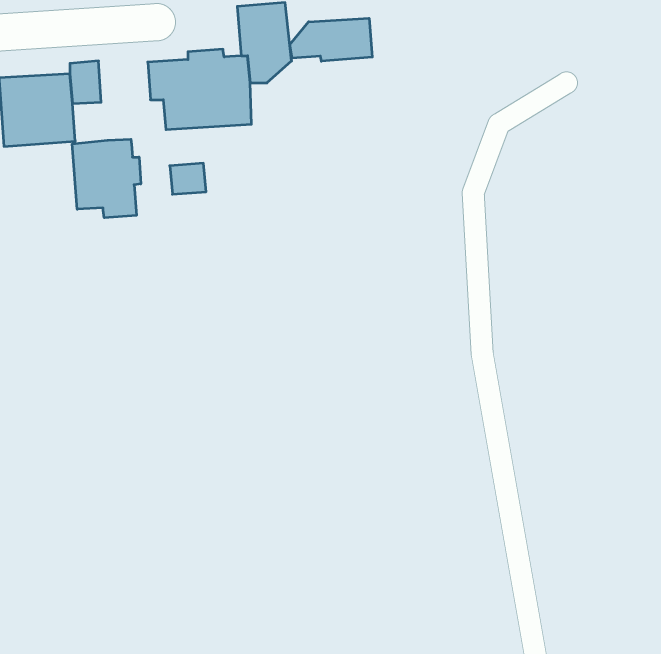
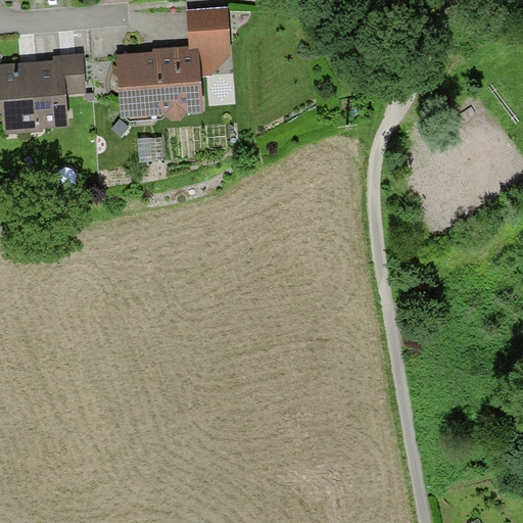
building: [290,18,372,61] -> none
building: [72,139,141,218] -> none

